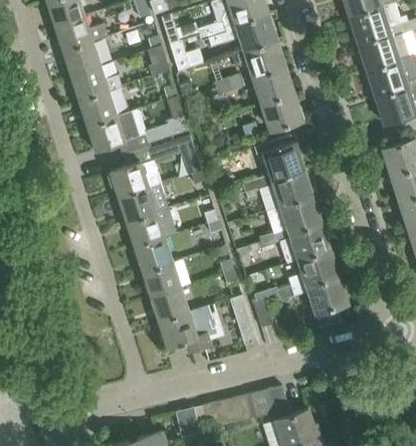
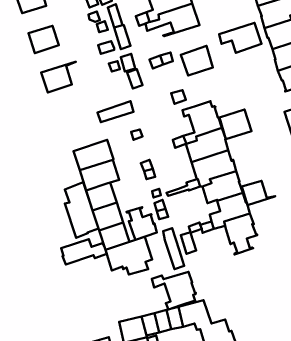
building: [54,16,108,50] -> none
building: [232,40,285,77] -> [219,23,262,53]
building: [70,65,121,99] -> none
building: [262,93,302,131] -> [220,110,252,139]
building: [86,112,188,151] -> none
building: [111,162,161,198] -> none
building: none -> [242,181,275,205]
building: none -> [65,182,98,238]
building: none -> [126,207,157,240]
building: none -> [61,239,107,265]
building: none -> [152,272,196,309]

